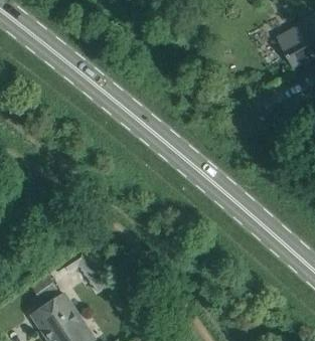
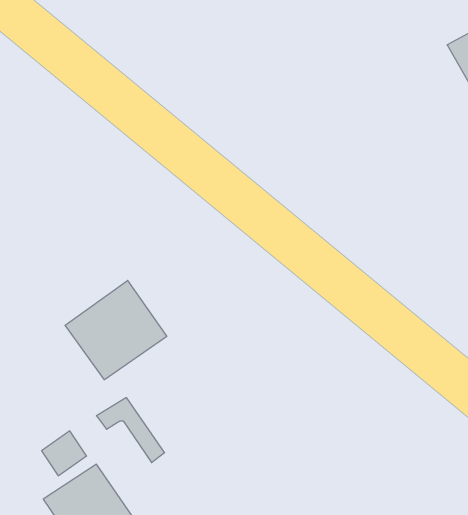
building: none -> [65,280,167,380]

